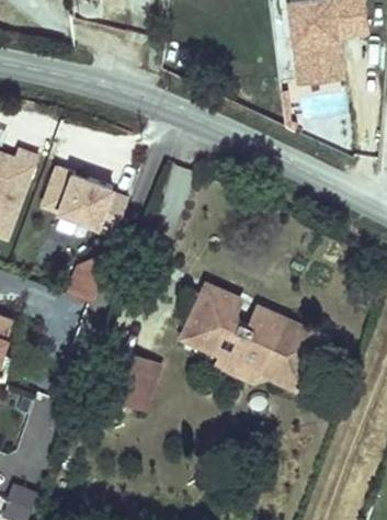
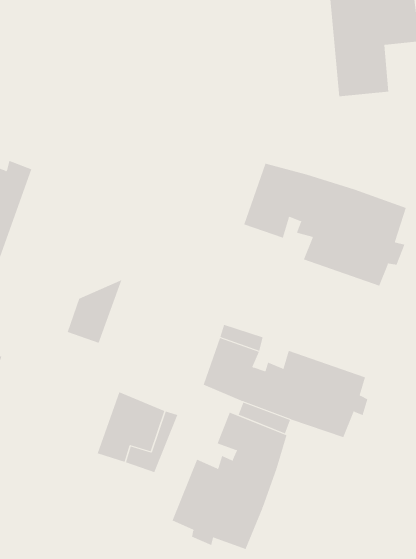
building: none -> [244,163,406,287]
building: [42,165,128,230] -> none
building: none -> [172,412,287,550]

